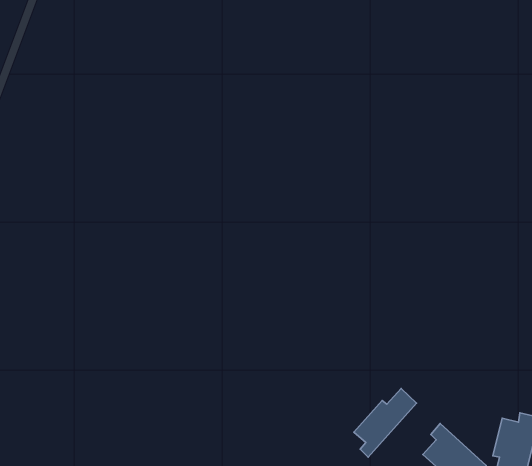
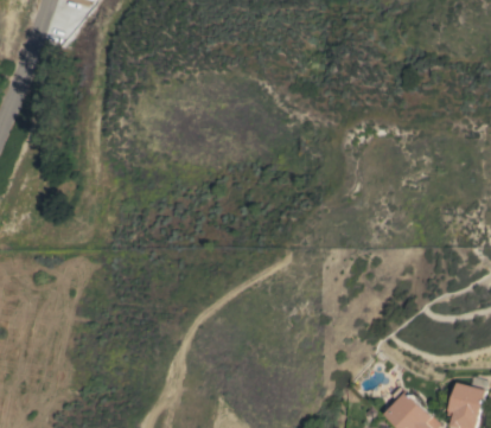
building: [354,389,416,457] -> none

